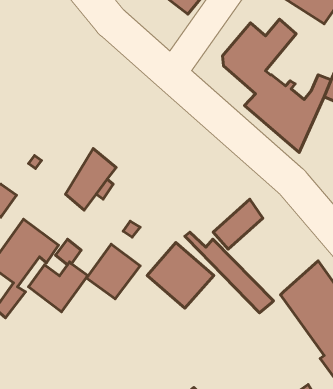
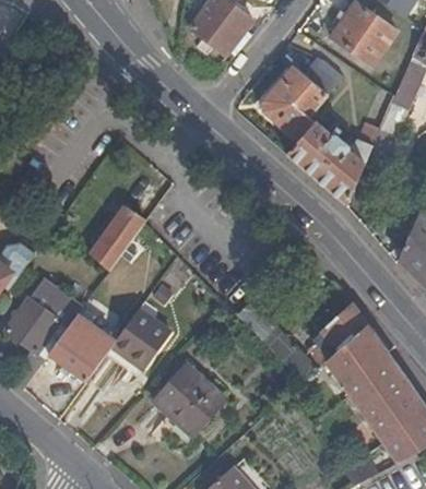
building: [213,199,263,249] -> [311,305,366,359]
building: [147,242,214,308] -> [153,363,226,436]

